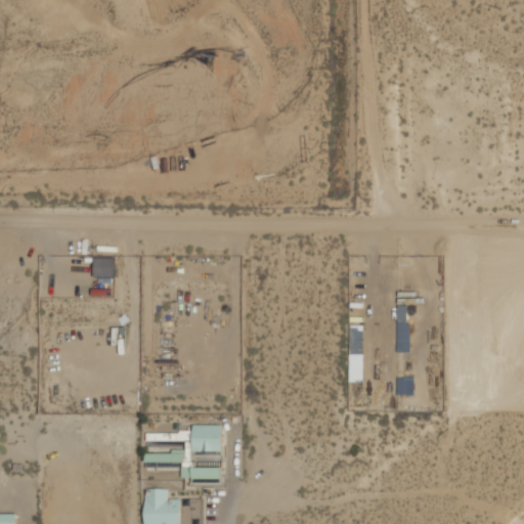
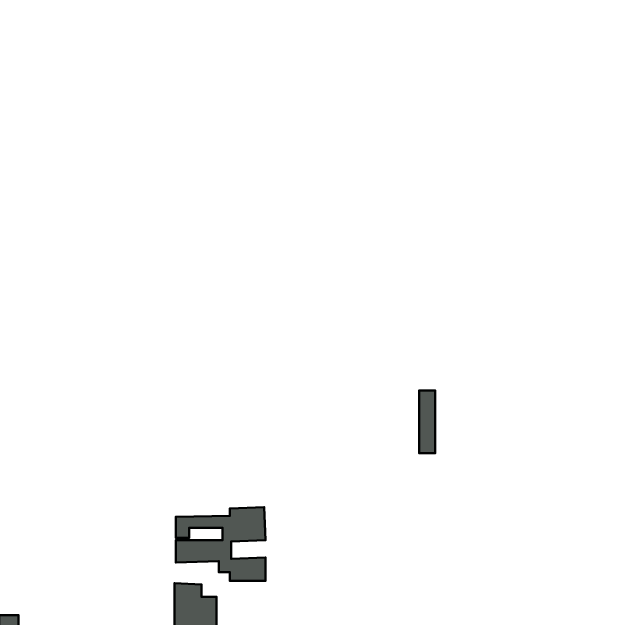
building: [93,258,114,276] -> none

